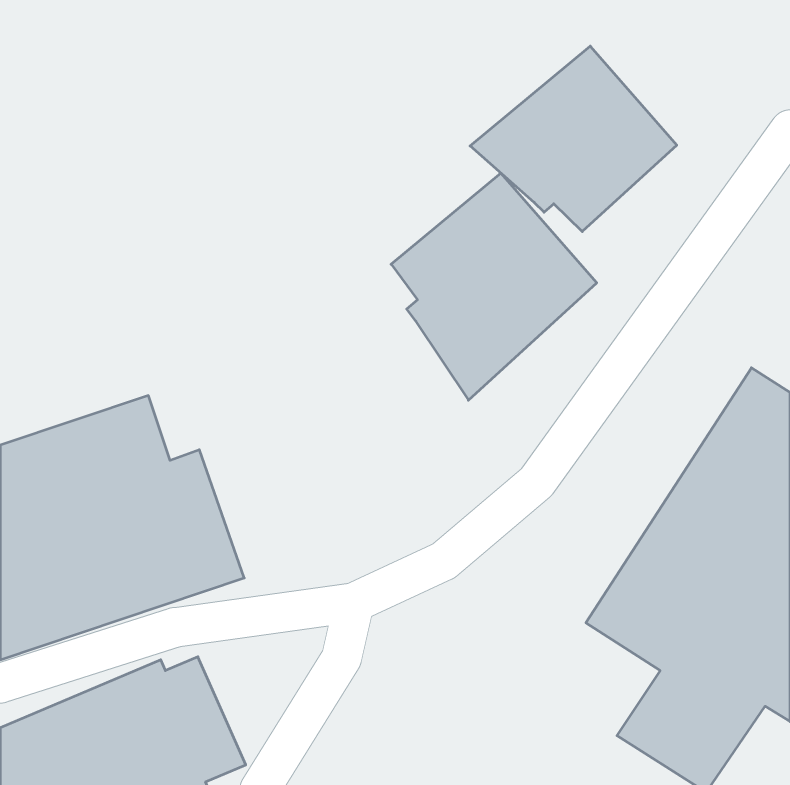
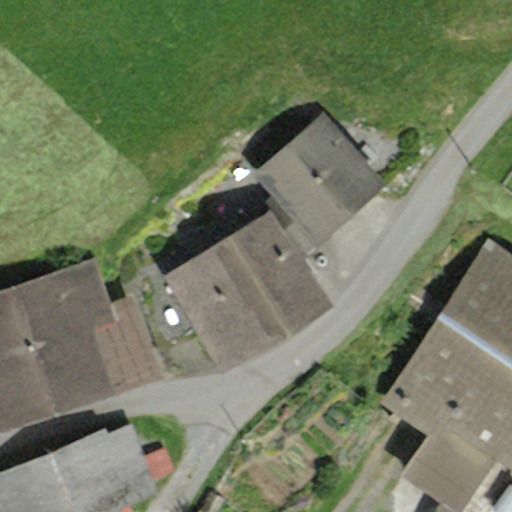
building: [470,46,677,232] -> none
building: none -> [126,211,333,374]

